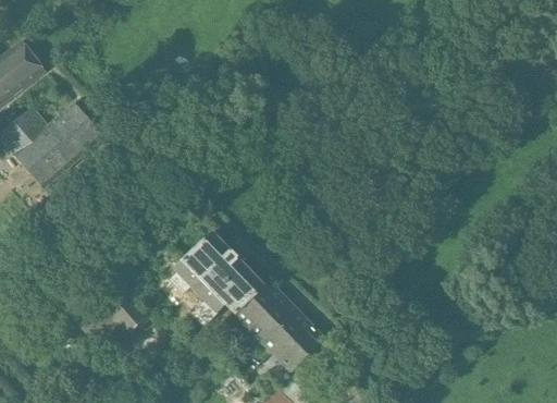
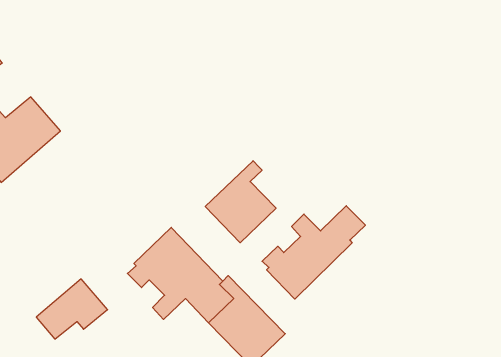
building: none -> [205,161,276,243]
building: none -> [262,206,365,299]

